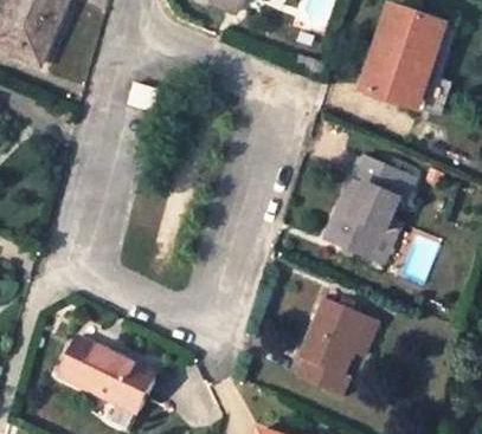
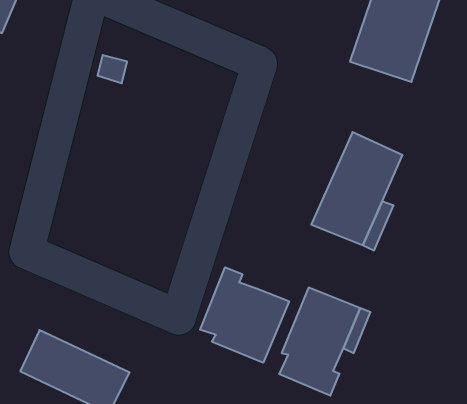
building: none -> [200,267,289,363]

